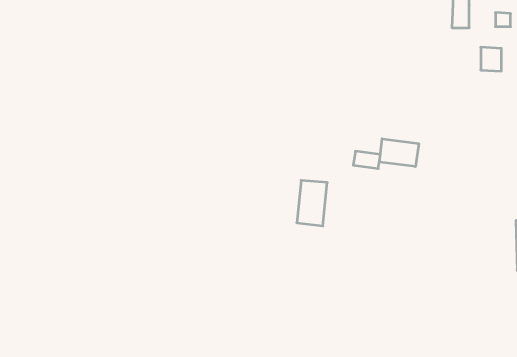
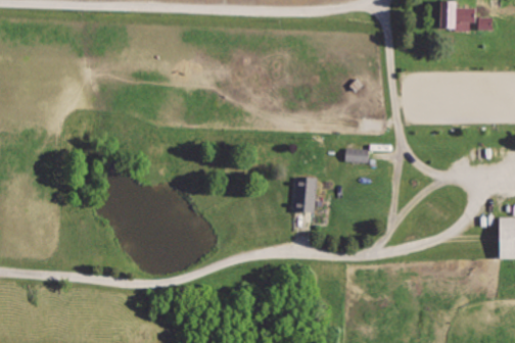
building: [481,47,501,71] -> [455,9,474,32]
building: [380,139,419,167] -> none

